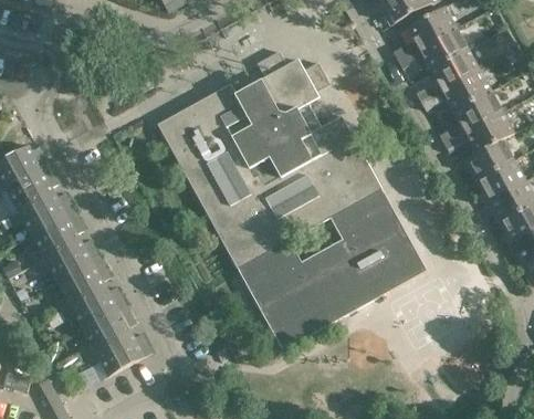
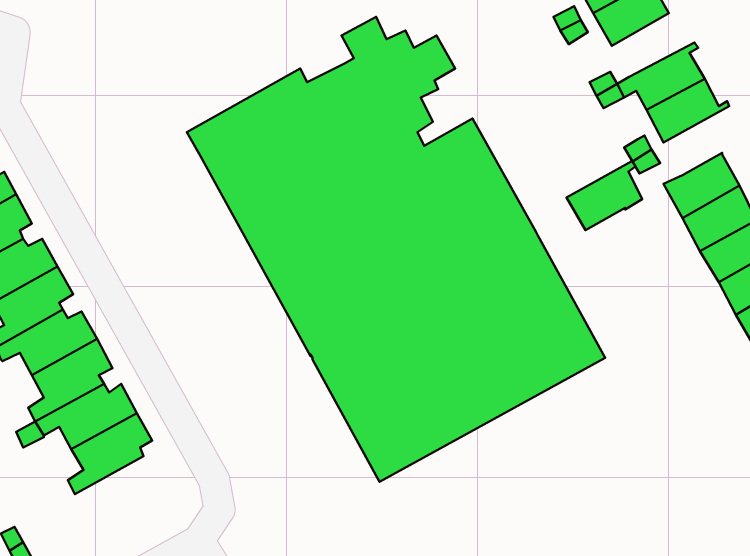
building: [431,49,484,90] -> none
building: [464,108,513,153] -> [567,161,642,230]
building: [86,333,153,375] -> none

